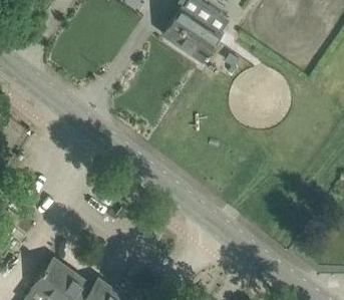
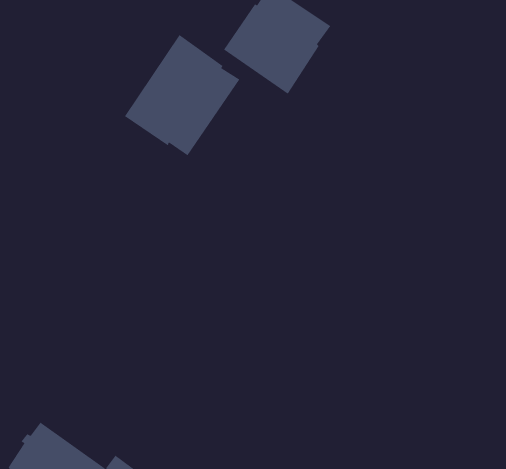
building: none -> [124,34,240,156]

